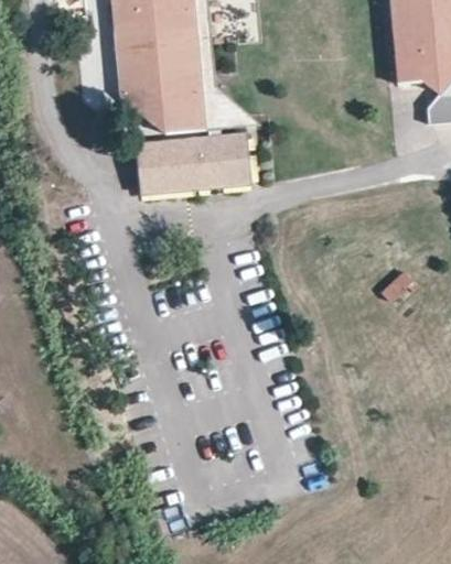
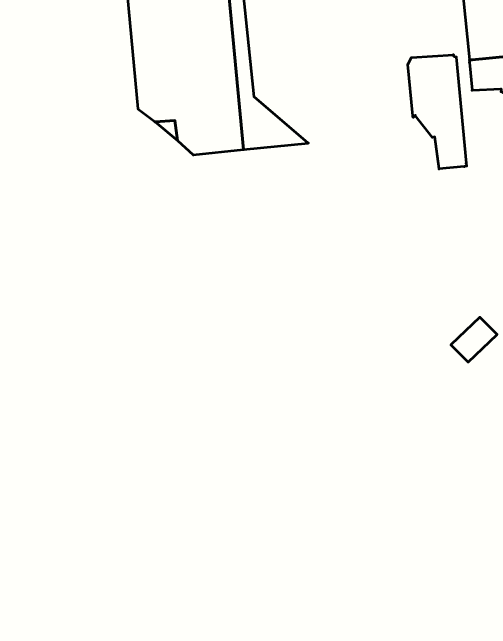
building: none -> [408,55,467,169]
building: [137,133,251,194] -> none

